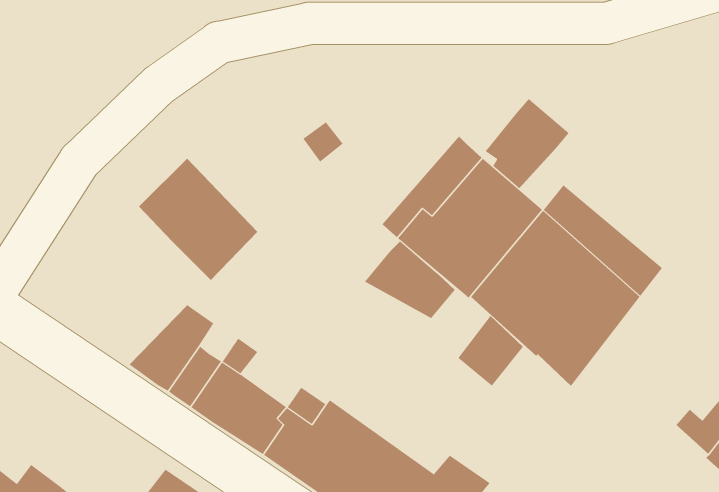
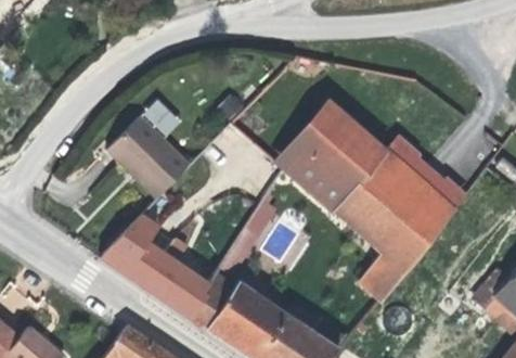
building: [485,98,570,189] -> none
building: [364,241,455,319] -> none
building: [457,315,524,386] -> [360,251,405,299]

